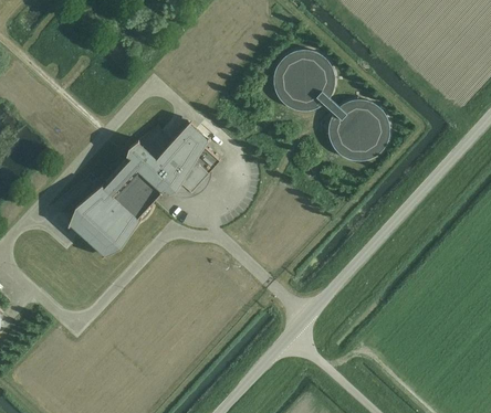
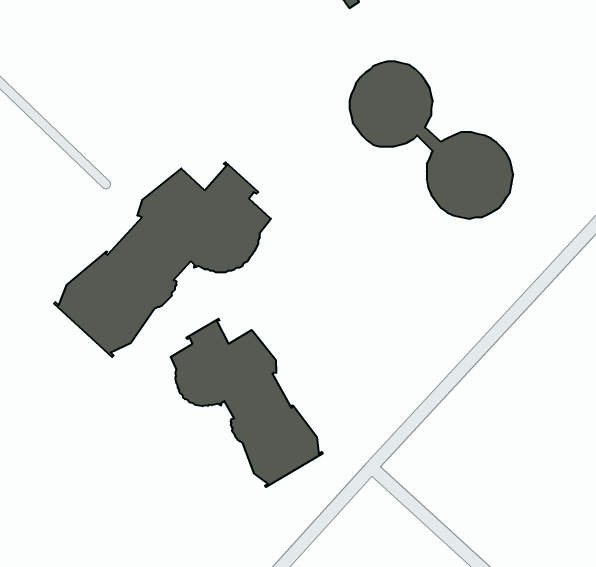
building: none -> [171,319,323,487]

